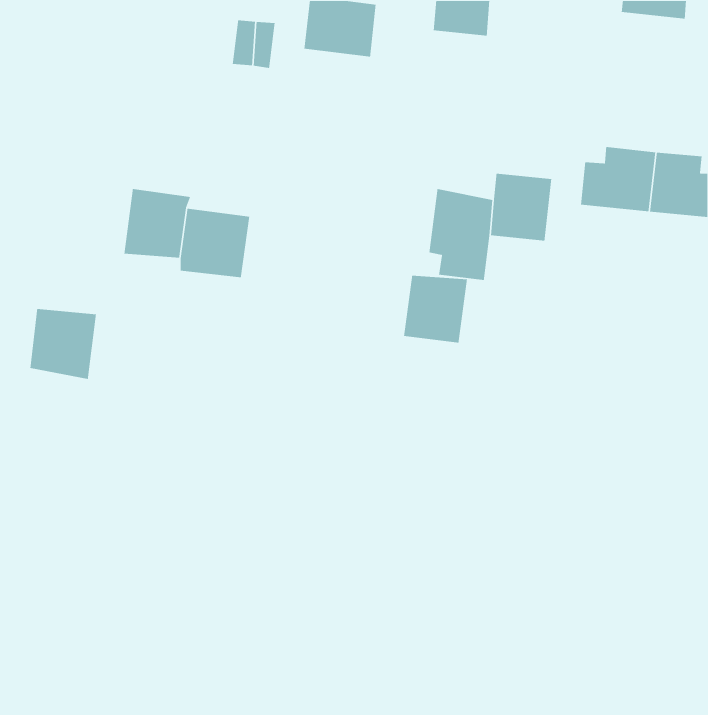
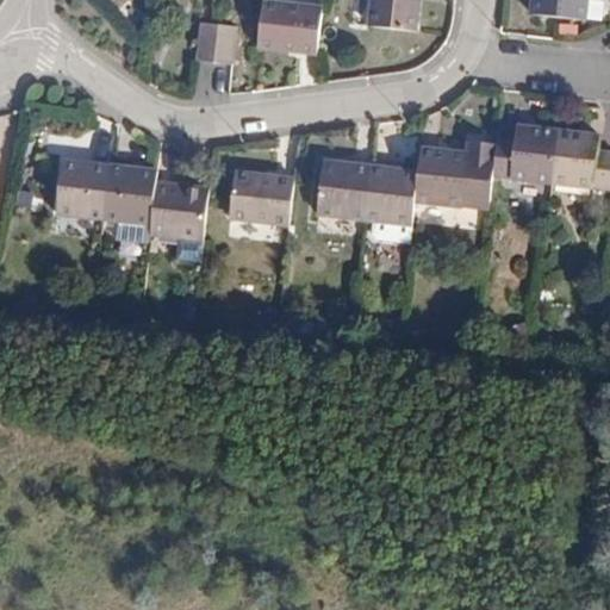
building: none -> [228,167,293,218]
building: [403,275,468,344] -> [316,158,371,217]
building: [29,308,97,380] -> [55,157,112,218]

